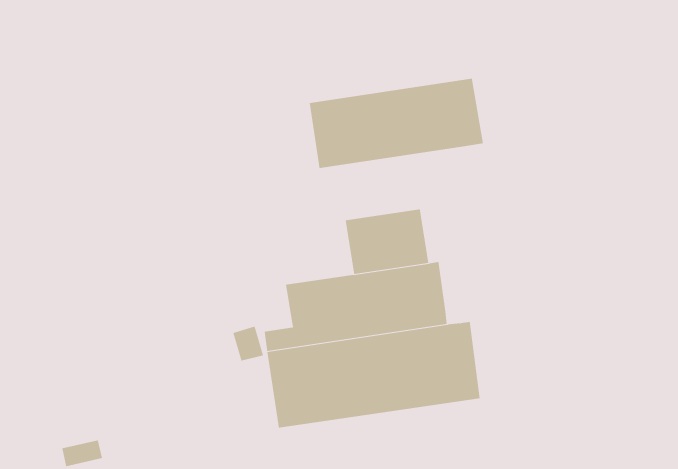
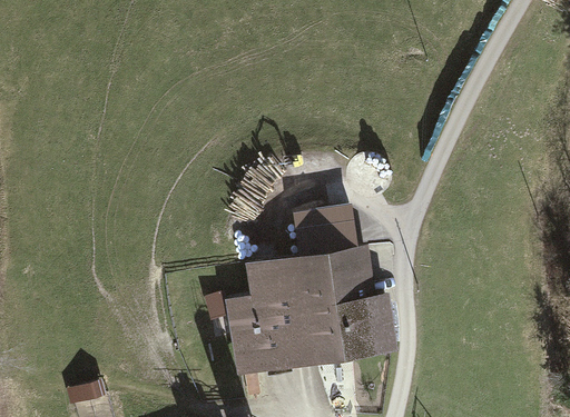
building: [309,78,483,169] -> none

